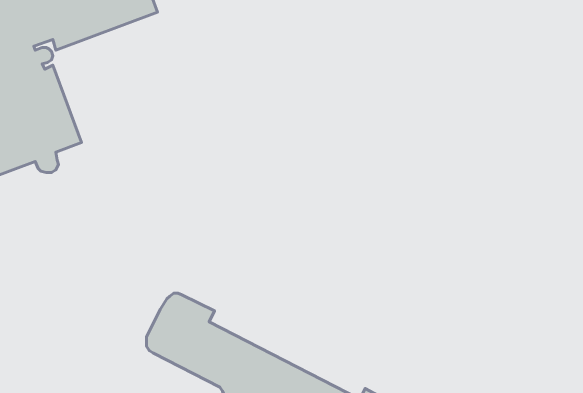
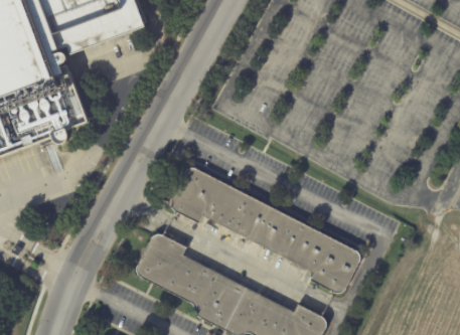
building: none -> [170,167,358,292]

